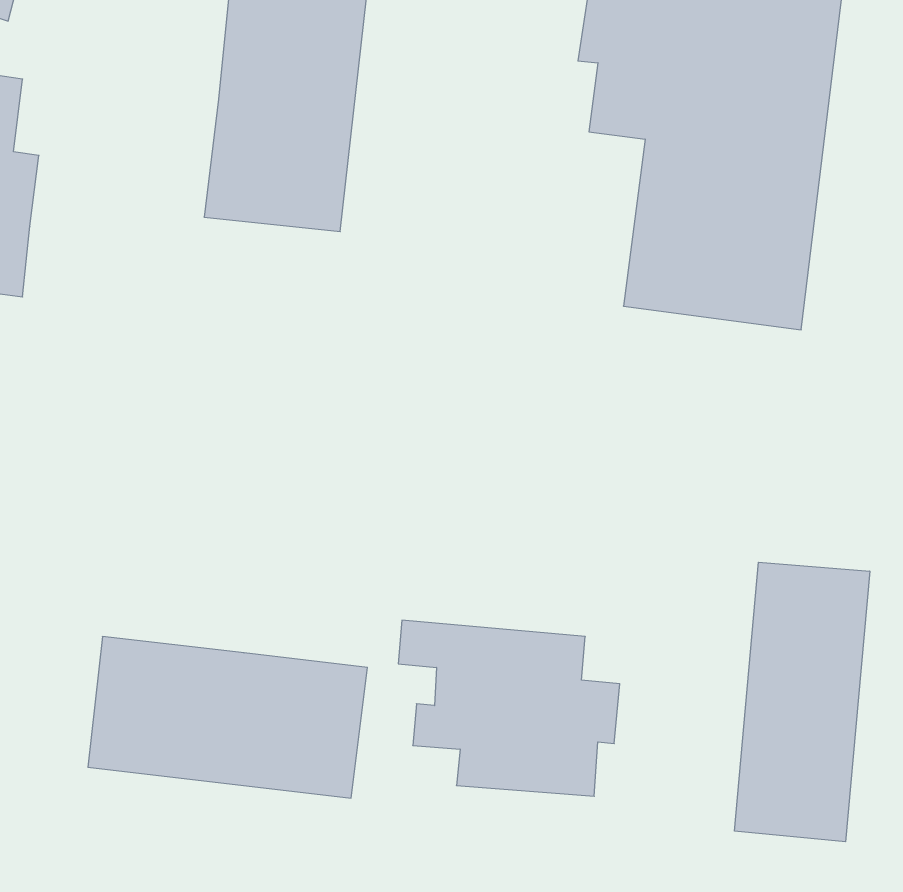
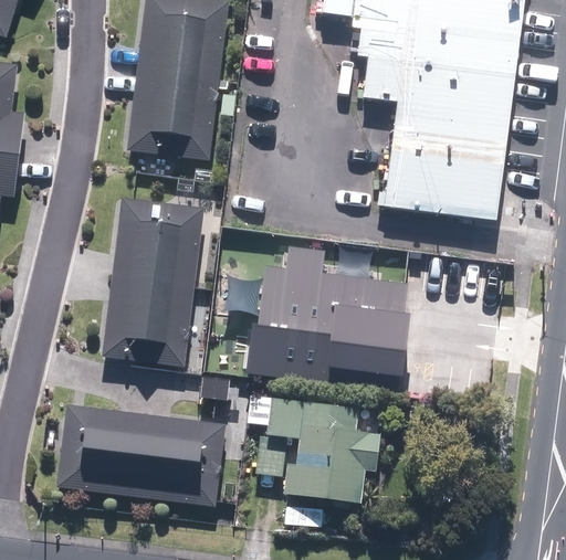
building: none -> [102,200,207,367]
building: none -> [243,243,406,387]
building: [735,562,870,842] -> none

